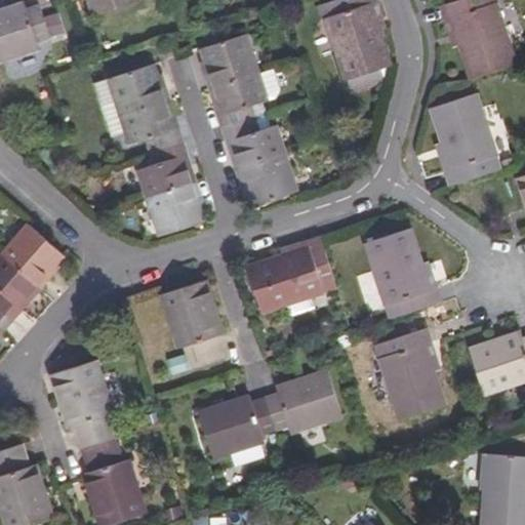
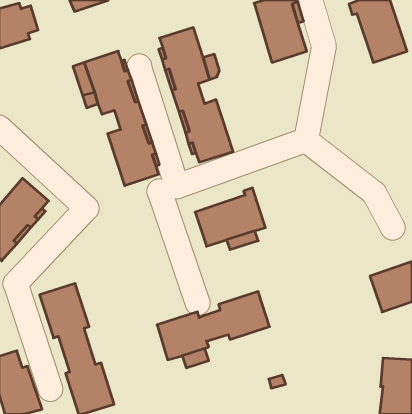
building: [433,93,500,185] -> none
building: [366,228,440,317] -> none
building: [161,279,225,368] -> none
building: [376,328,443,419] -> none

